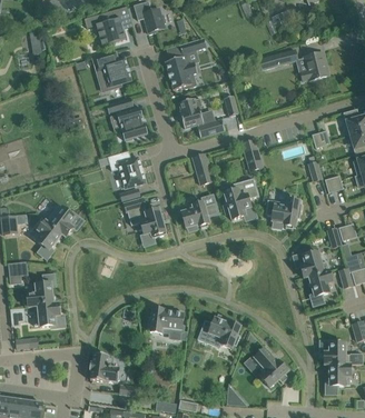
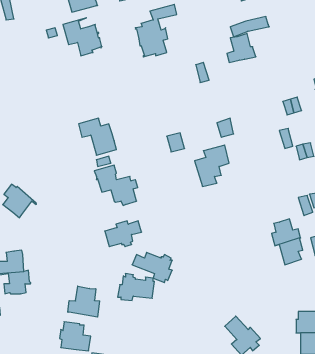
building: [300,52,329,81] -> [227,33,256,62]
building: [107,98,147,140] -> none
building: [179,98,225,137] -> none
building: [265,199,302,229] -> none
building: [181,202,218,228] -> [105,221,142,247]
building: [47,205,75,236] -> none
building: [200,318,240,348] -> [132,252,172,283]
building: none -> [68,286,100,317]

